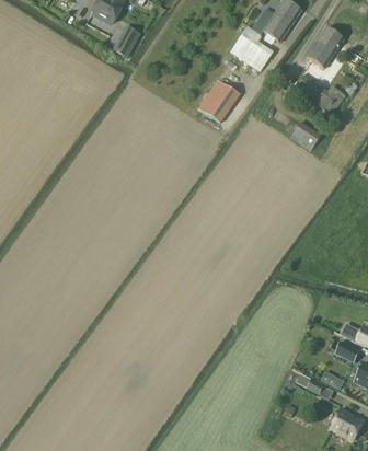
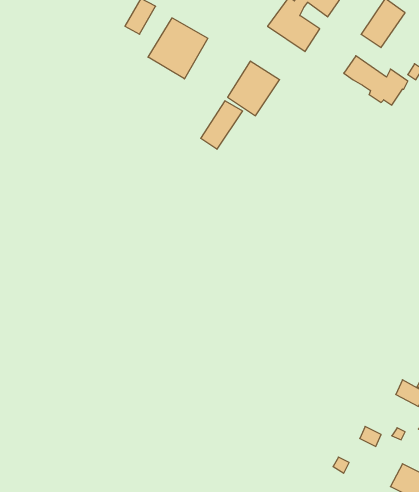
building: none -> [148,18,208,79]
building: none -> [201,101,243,149]
building: [289,122,320,150] -> none

